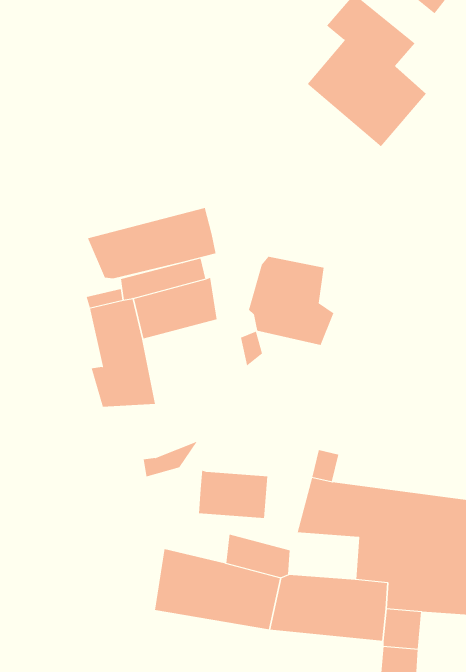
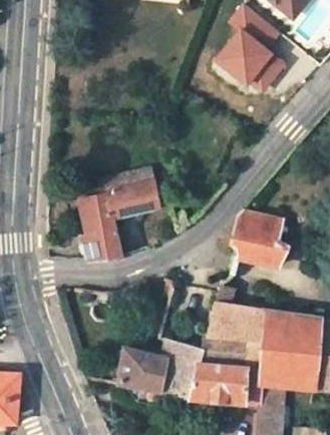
building: [87,207,216,279] -> none
building: [248,256,334,346] -> [234,211,287,267]
building: [198,470,268,518] -> [203,336,246,366]

